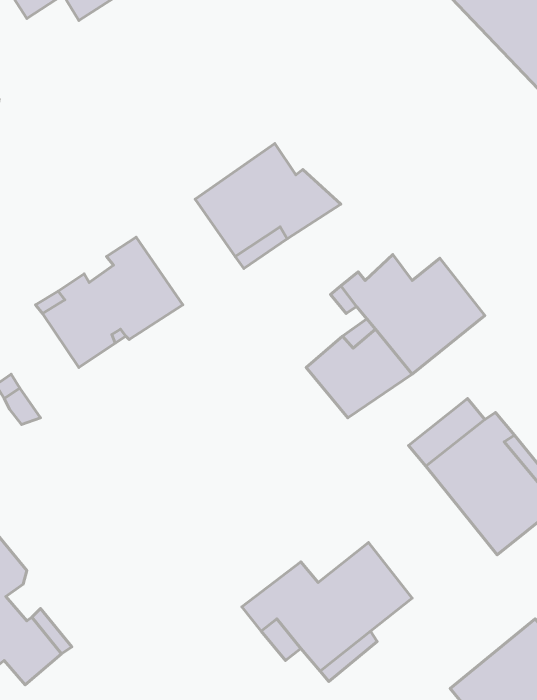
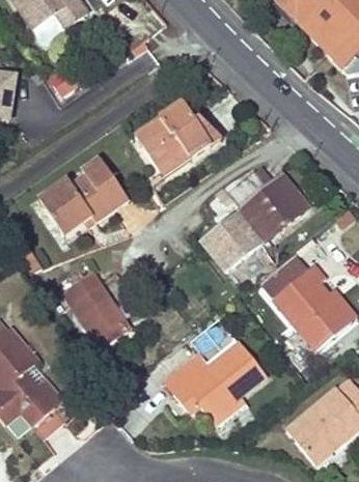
building: none -> [63,270,129,345]

